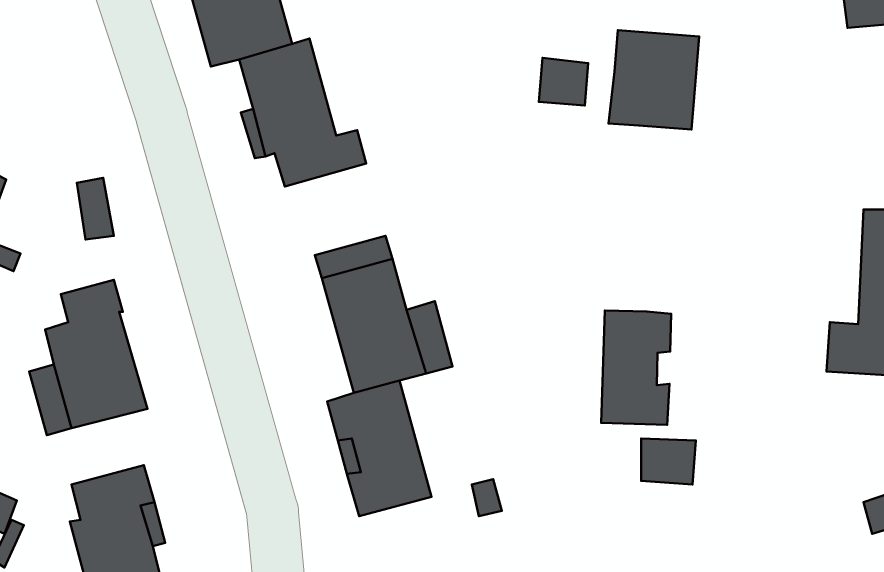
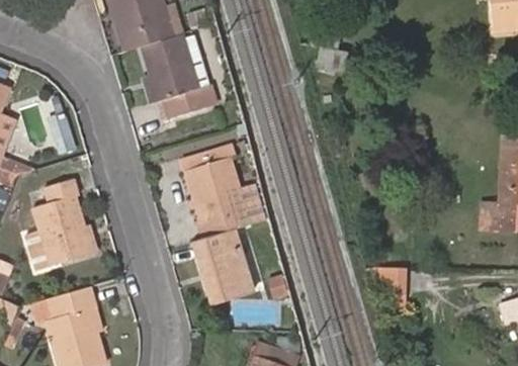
building: [608,30,699,130] -> none
building: [601,310,671,425] -> none

